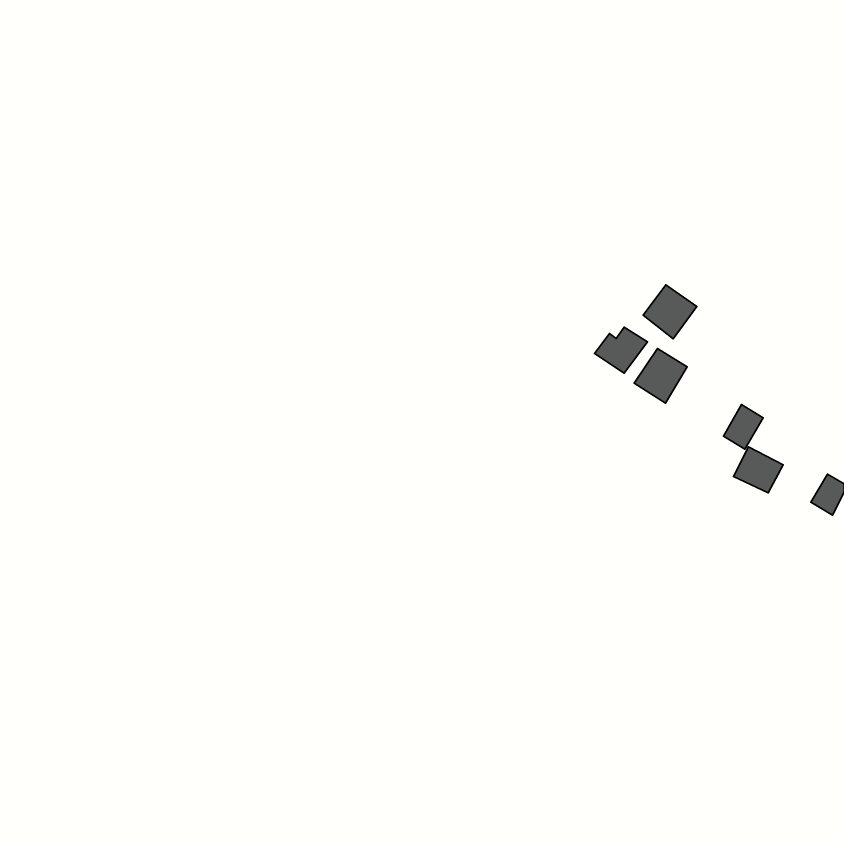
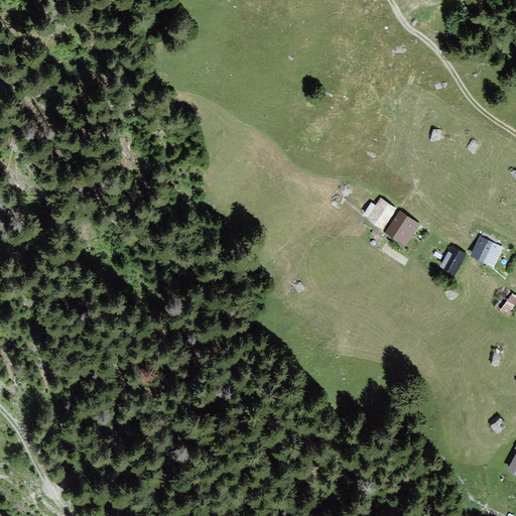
building: [643,285,697,339] -> none
building: [734,447,783,493] -> [472,237,502,265]

